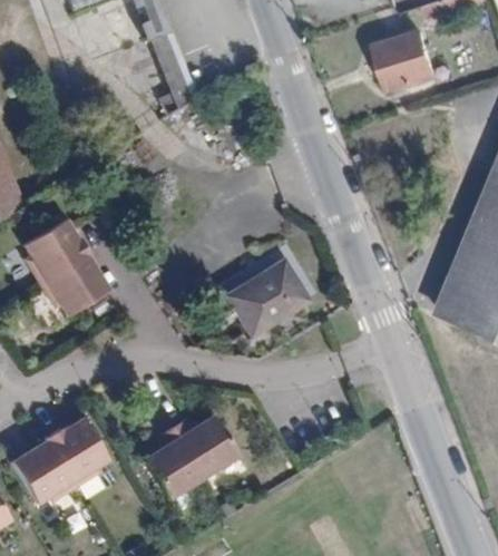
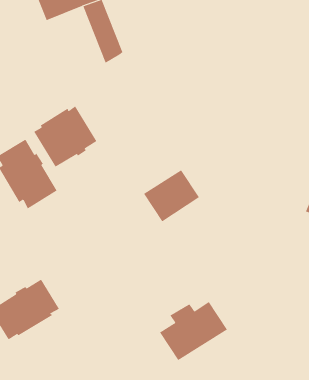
building: [374,35,433,91] -> none
building: none -> [34,105,97,168]
building: [145,409,240,491] -> [159,301,228,361]

